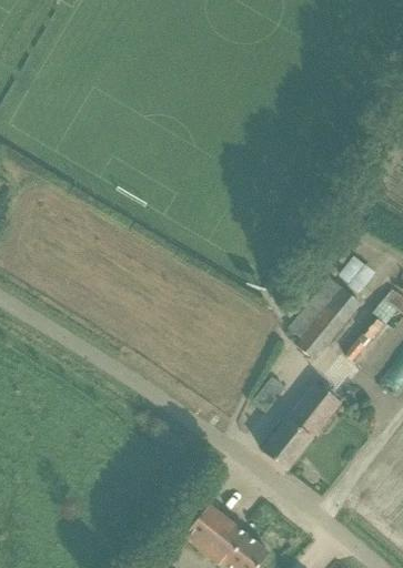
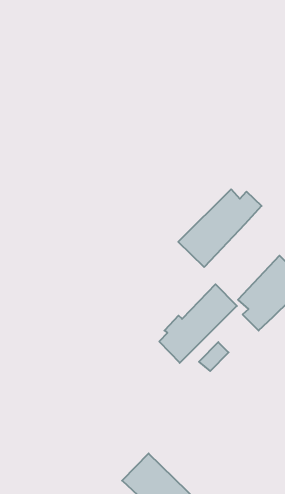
building: none -> [178,189,262,267]
building: [263,382,343,470] -> [159,284,237,363]

